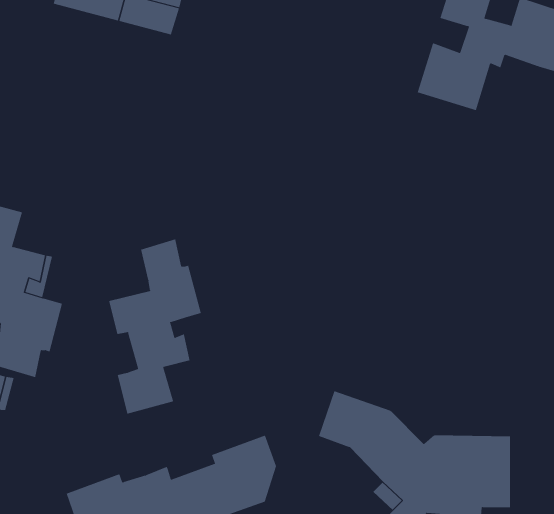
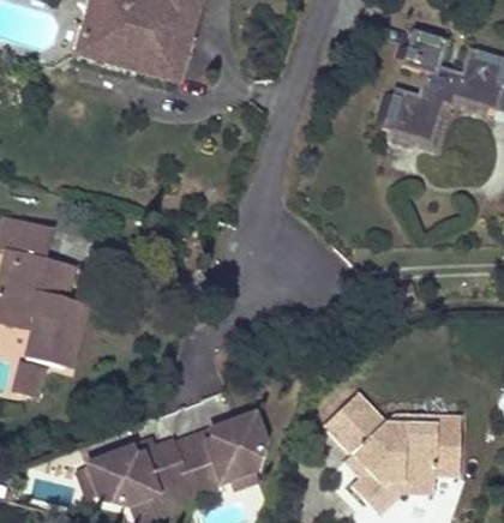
building: [109,239,201,414] -> none

